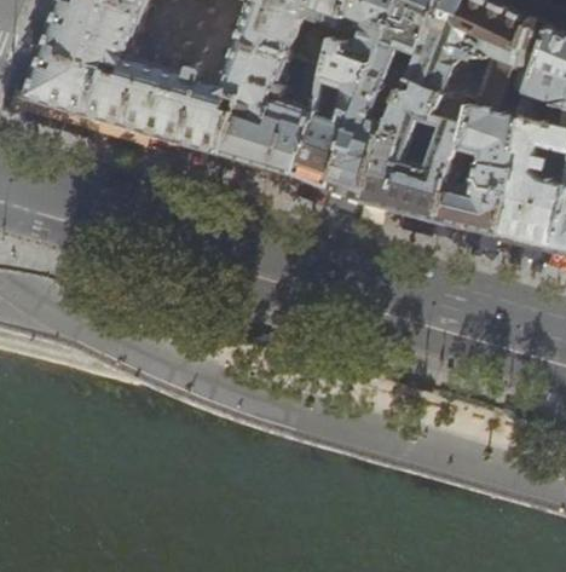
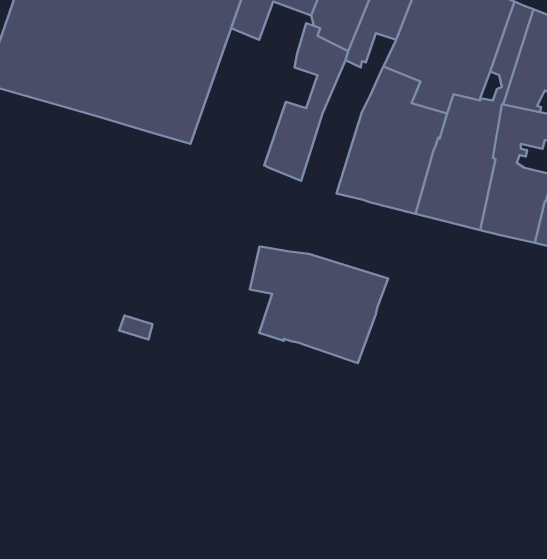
building: [221,44,323,174] -> none
building: [327,74,404,201] -> none
building: none -> [250,246,388,363]

